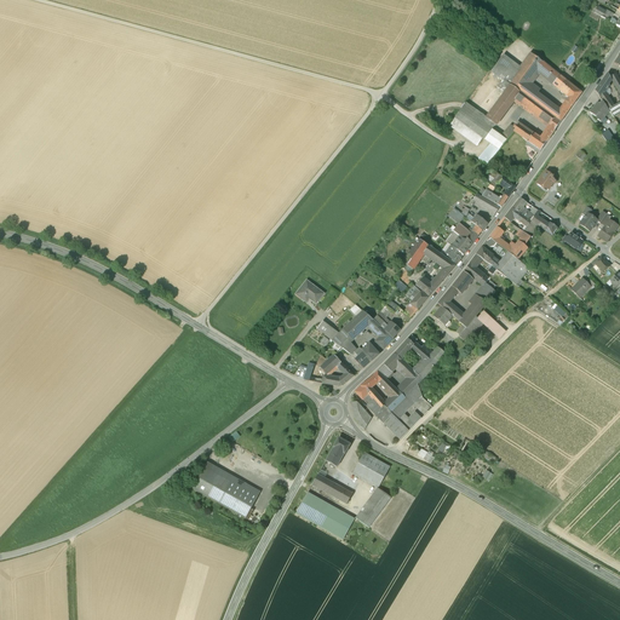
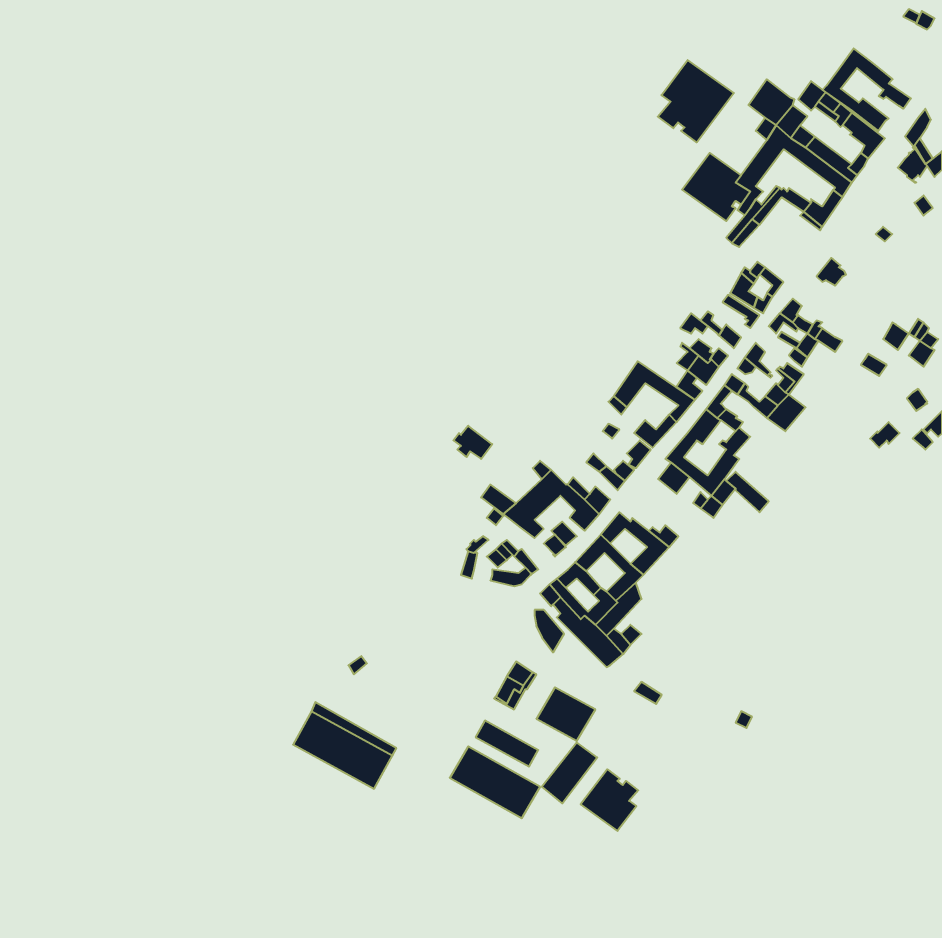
building: none -> [823,48,911,131]
building: none -> [658,60,734,142]
building: none -> [581,769,638,831]

